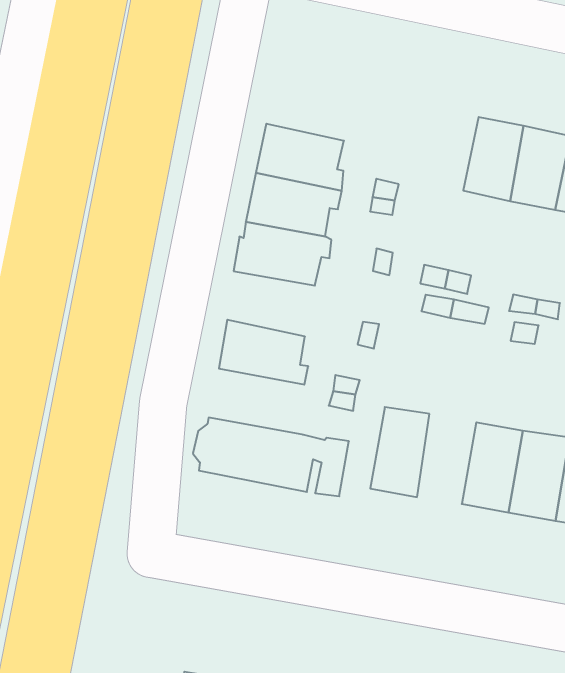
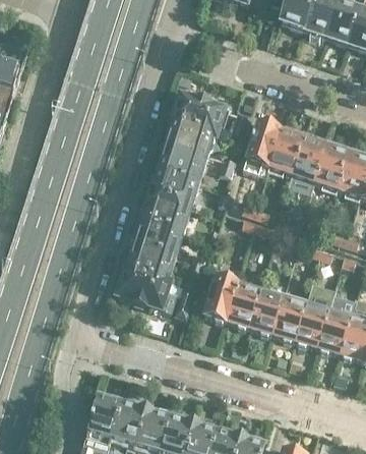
building: none -> [172,95,250,144]
building: none -> [242,122,281,177]
building: none -> [140,194,187,232]
building: none -> [125,243,176,282]
building: none -> [227,279,261,327]

